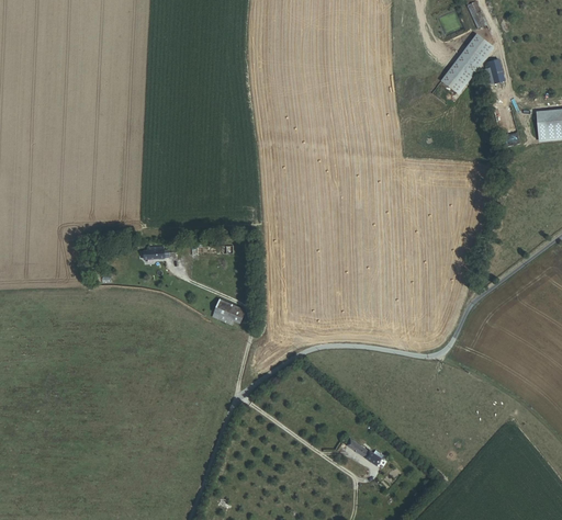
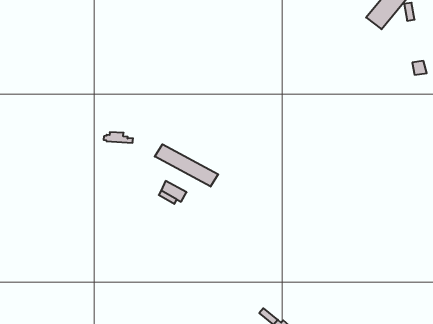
building: none -> [155,144,218,187]

